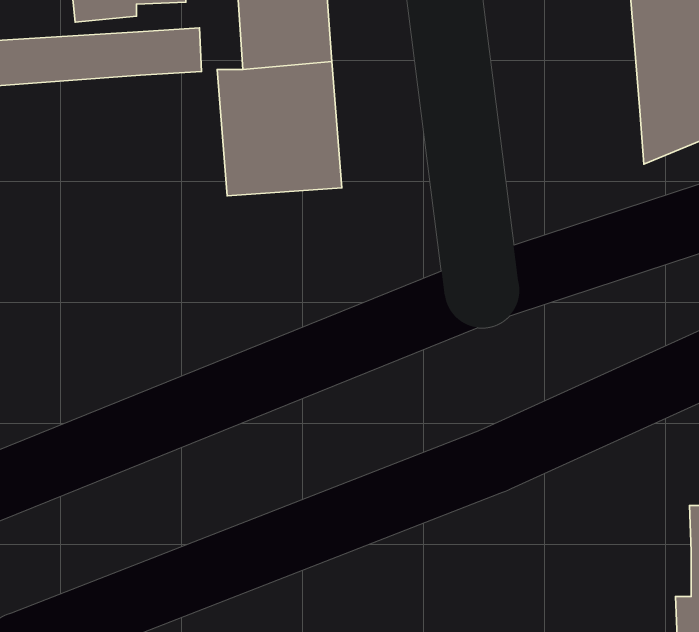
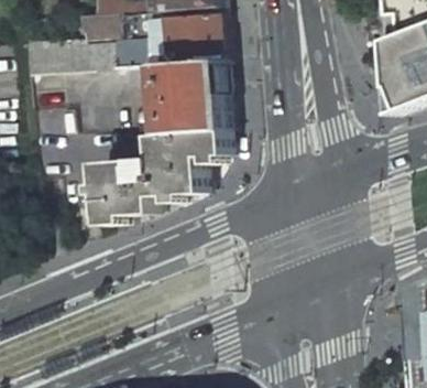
building: none -> [95,128,226,215]

